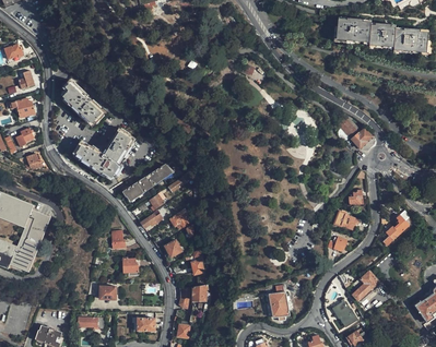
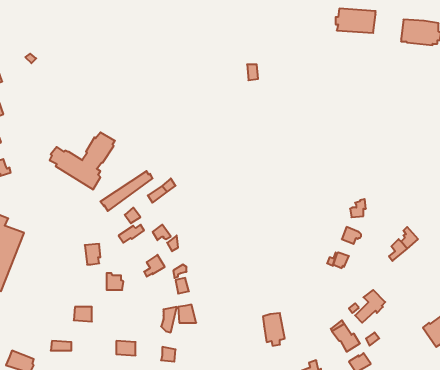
building: [368,23,396,45] -> none
building: [61,79,104,123] -> none
building: [337,115,370,147] -> none

